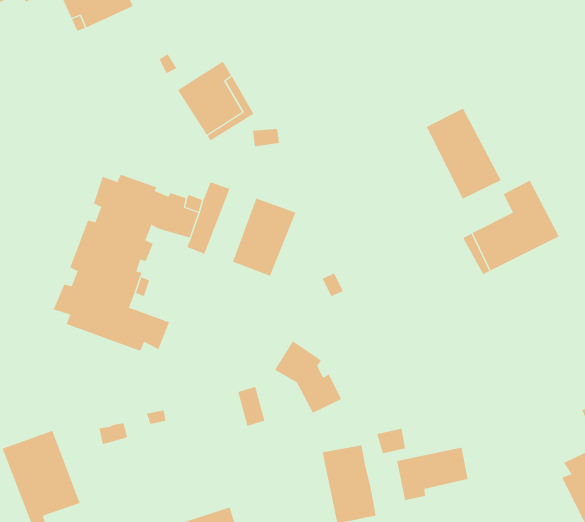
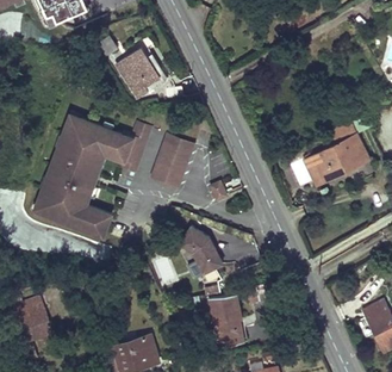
building: [426,108,501,200] -> none
building: [396,447,468,501] -> none

